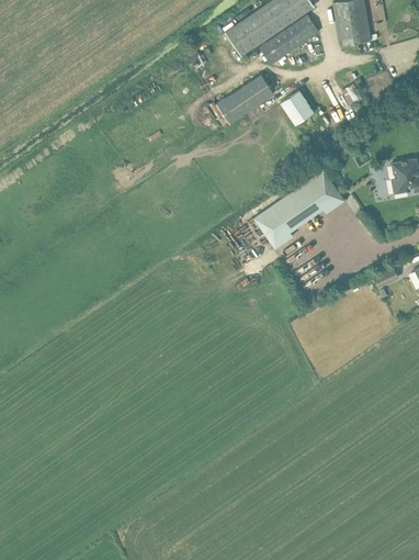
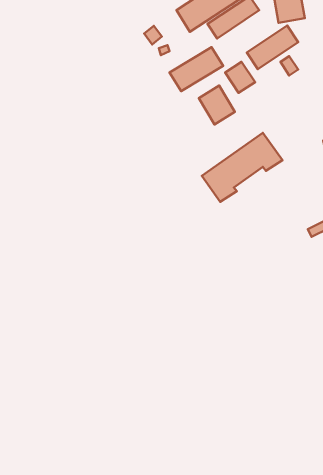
building: none -> [247,26,298,69]
building: none -> [199,86,235,125]

